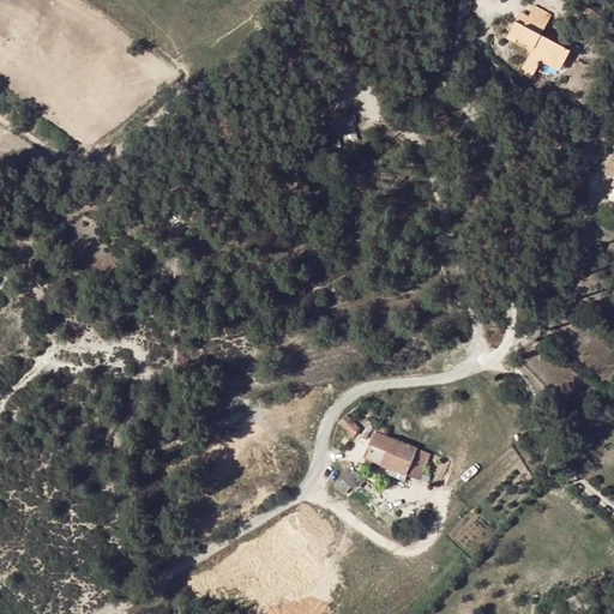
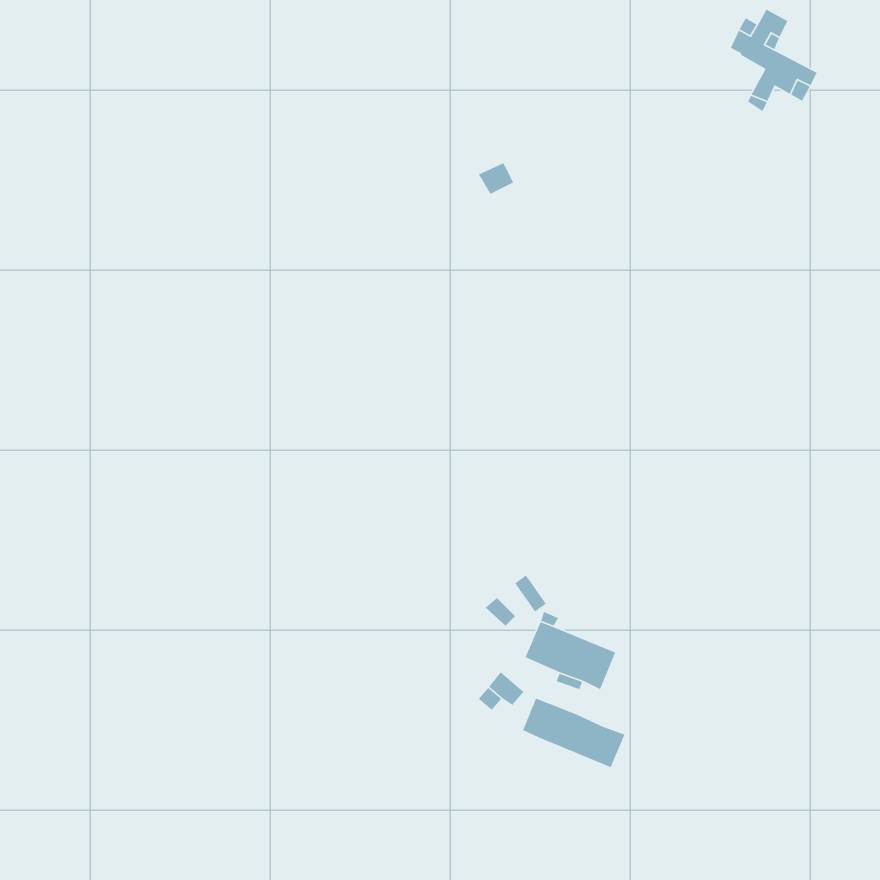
building: none -> [522,697,626,768]

